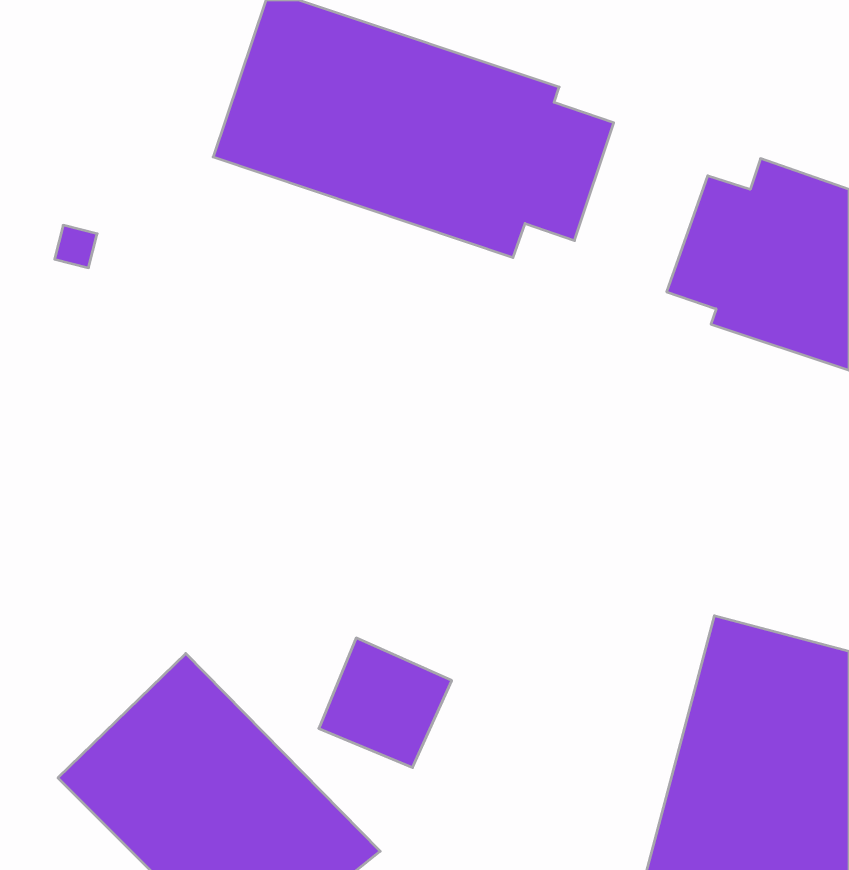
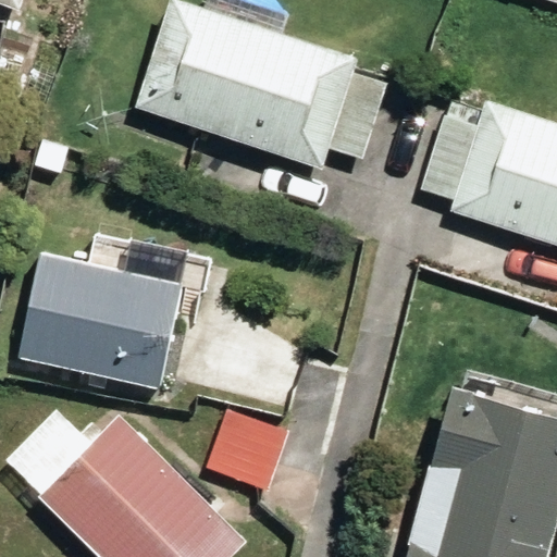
building: none -> [17,253,185,387]

